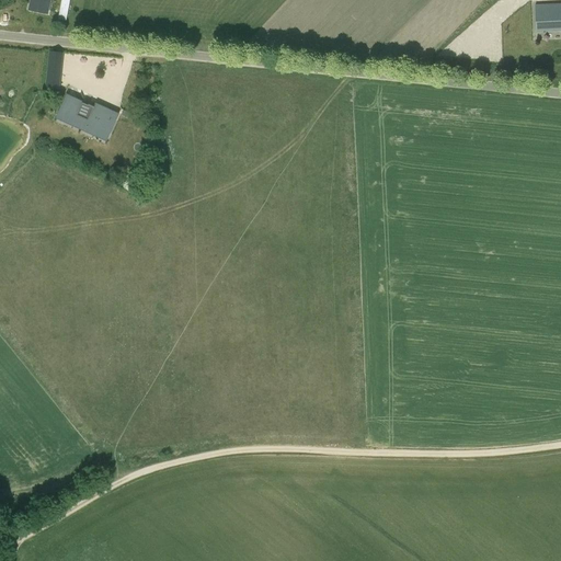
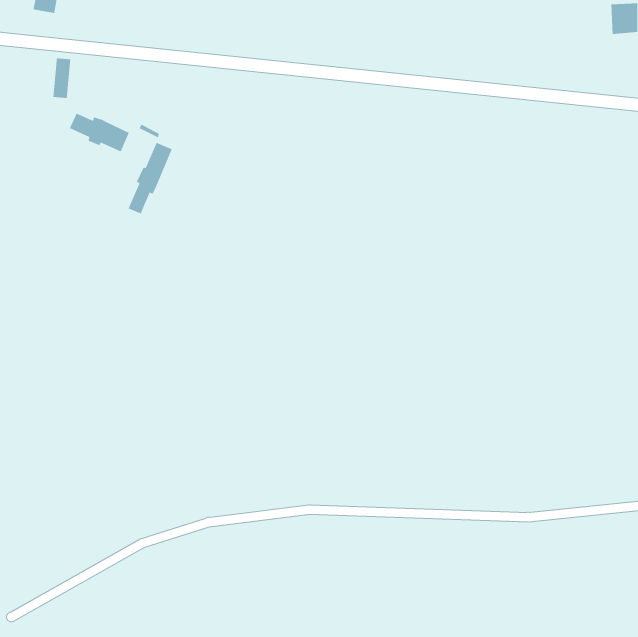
building: none -> [128,142,173,214]

